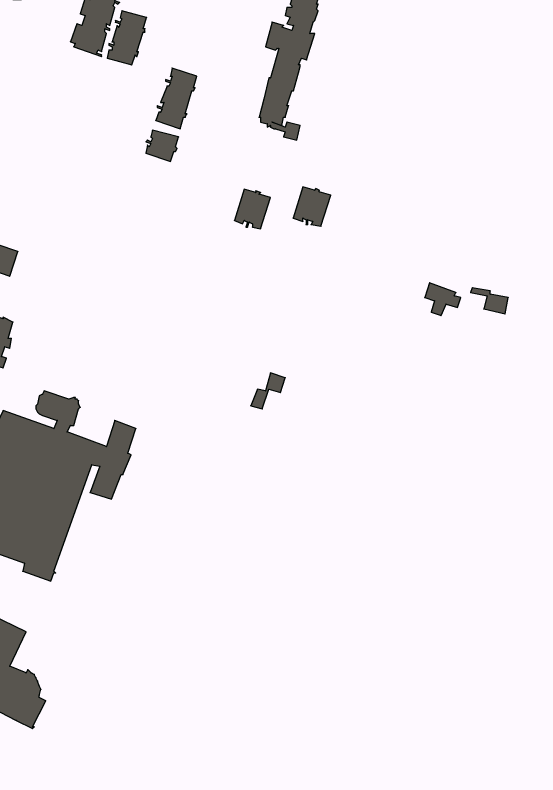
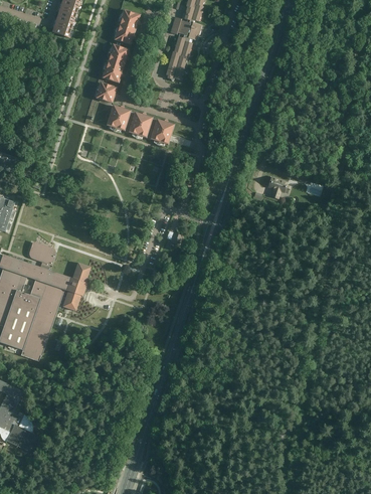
building: [107,11,147,65] -> [115,11,139,44]
building: none -> [107,106,130,131]
building: [293,187,331,226] -> [129,113,152,137]

